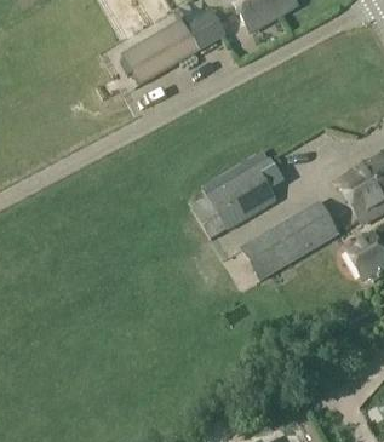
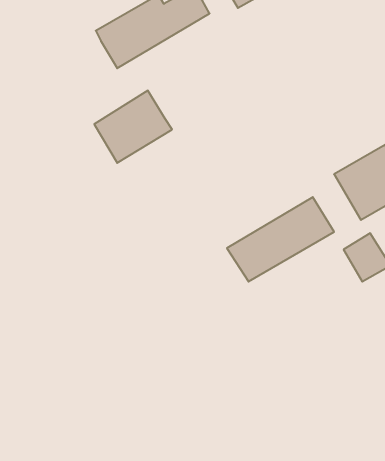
building: [206,165,276,230] -> [94,91,172,163]

